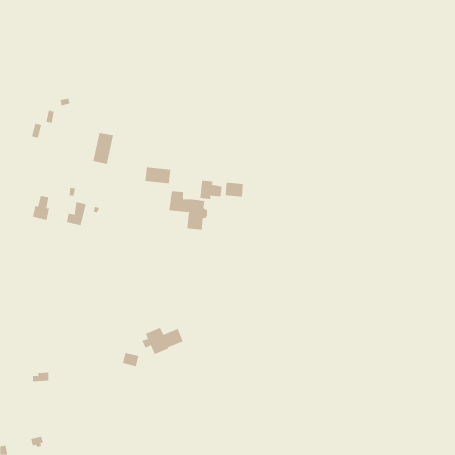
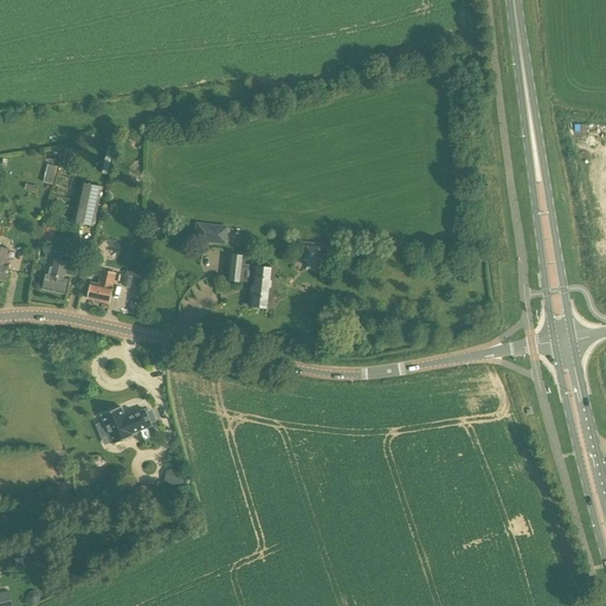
building: [92,133,114,165] -> [72,182,101,225]
building: [200,180,222,200] -> none
building: [142,327,184,355] -> [95,406,150,443]

